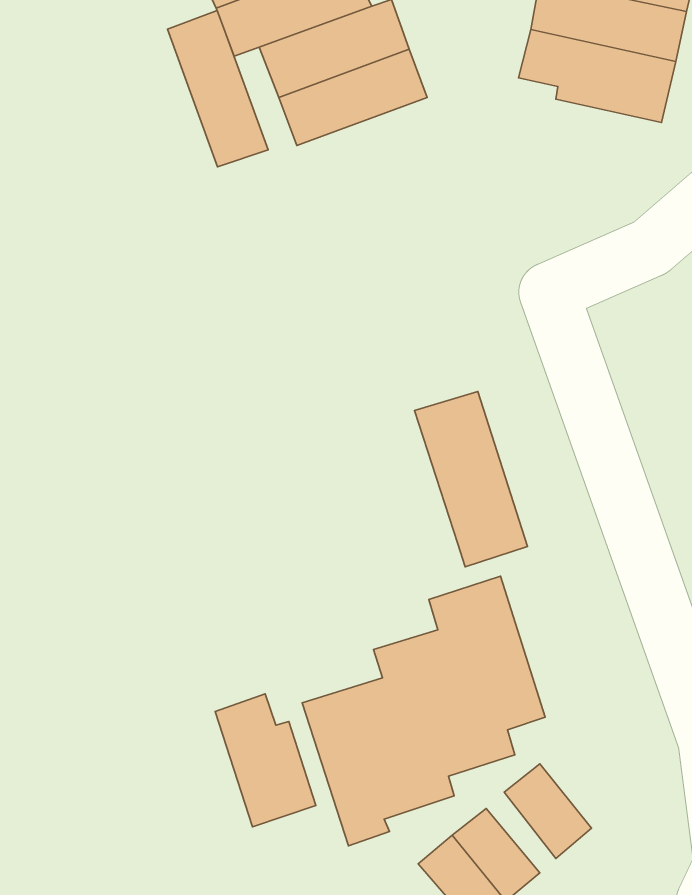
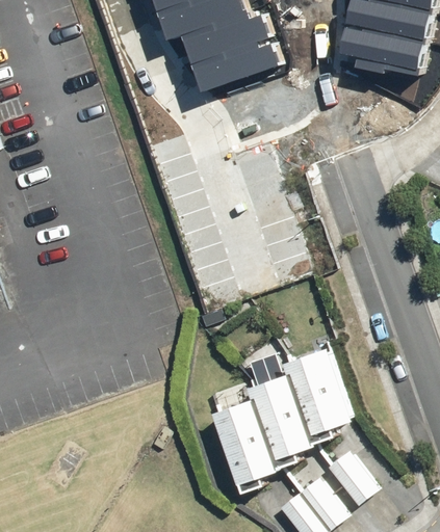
building: [168,11,268,167] -> none
building: [414,391,527,567] -> none
building: [215,694,316,827] -> none

